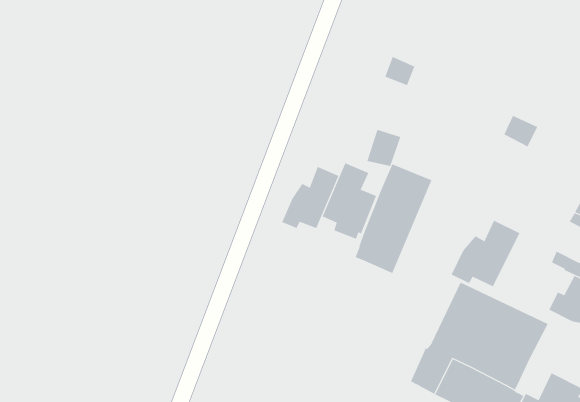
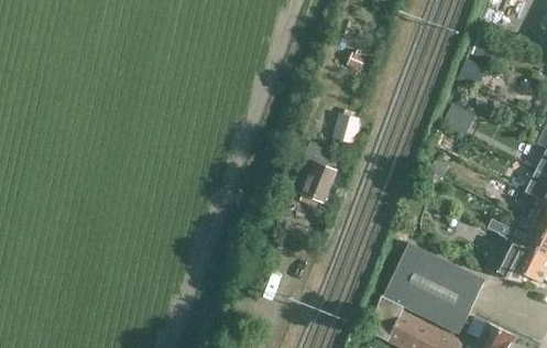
building: [355,163,432,274] -> none
building: [282,166,339,229] -> none
building: [451,220,520,287] -> none

